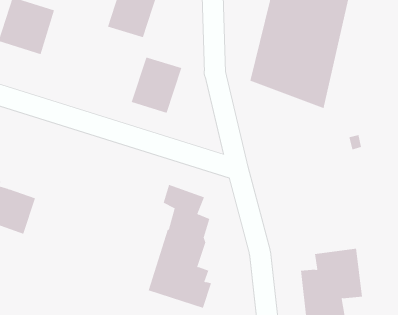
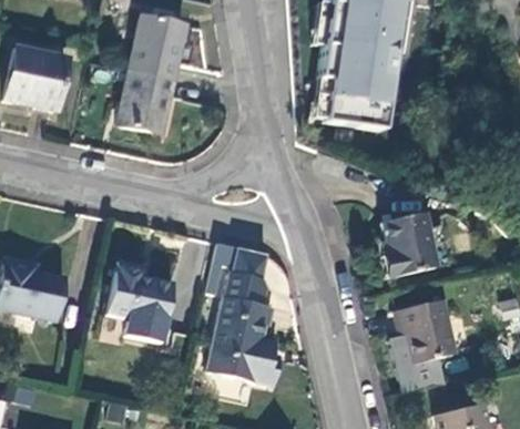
building: [131,57,182,113] -> [119,70,174,133]
building: none -> [380,212,450,276]
building: none -> [108,265,174,344]

